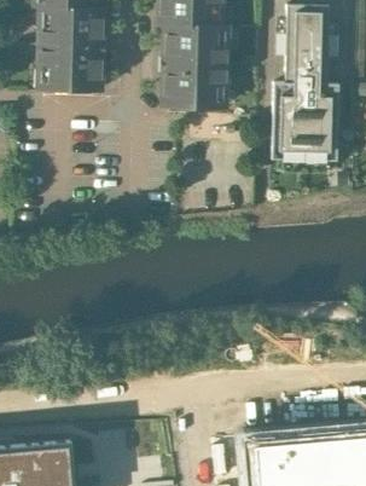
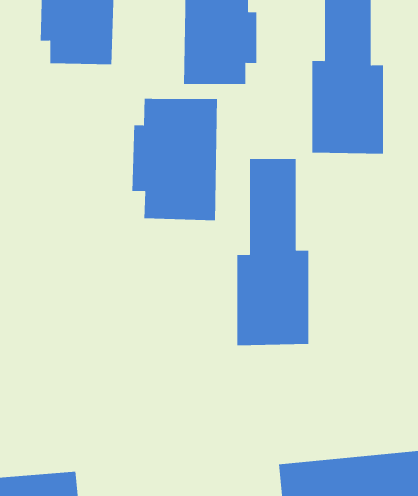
building: none -> [132,98,217,221]
building: none -> [237,158,309,346]

